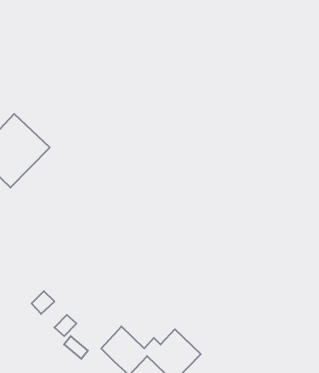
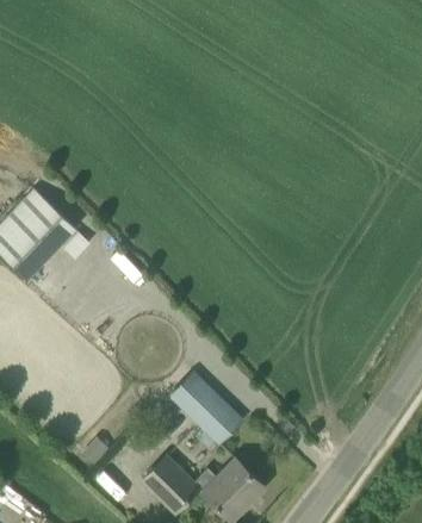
building: none -> [169,372,242,444]

